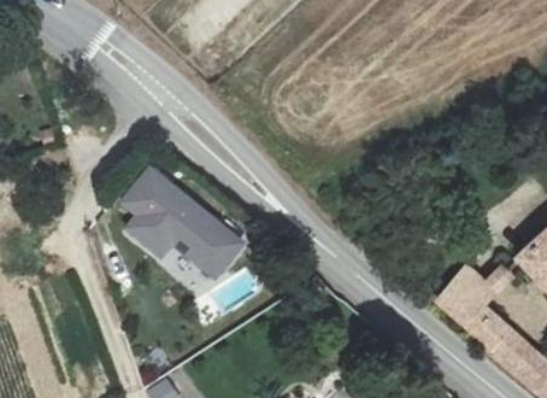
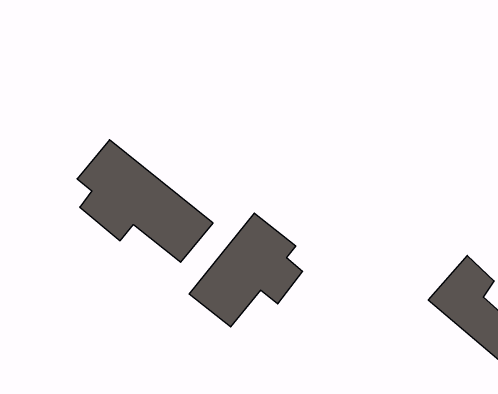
building: none -> [189,213,303,327]

